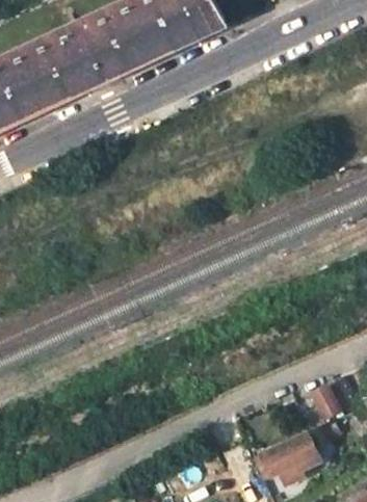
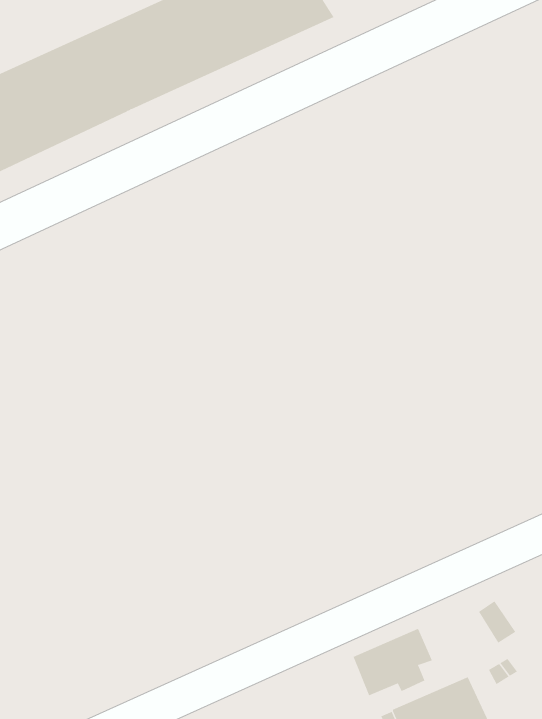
building: none -> [353,628,433,696]

